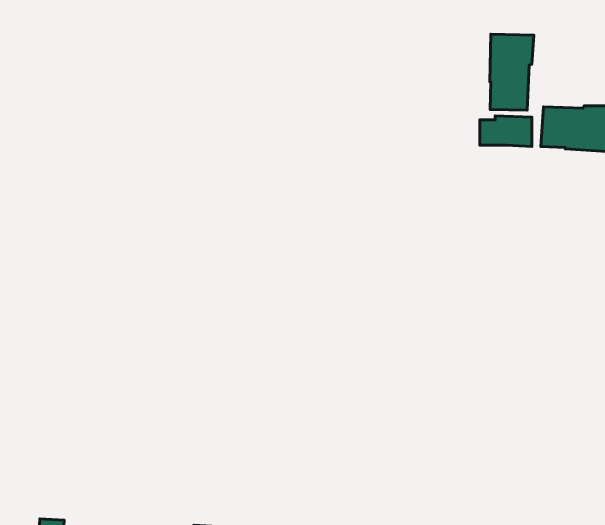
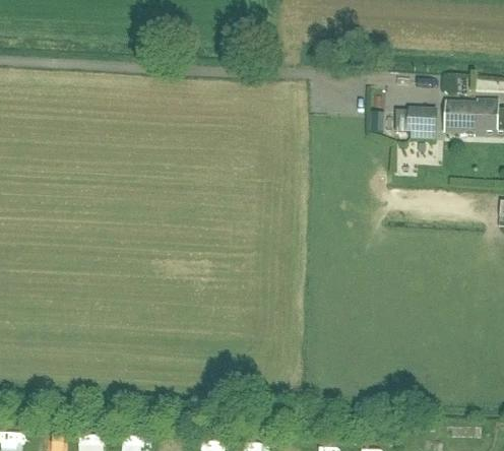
building: [490,34,534,110] -> none

